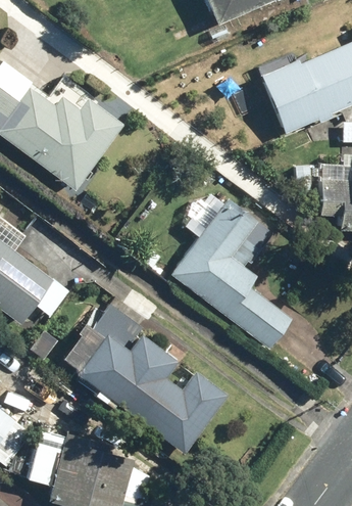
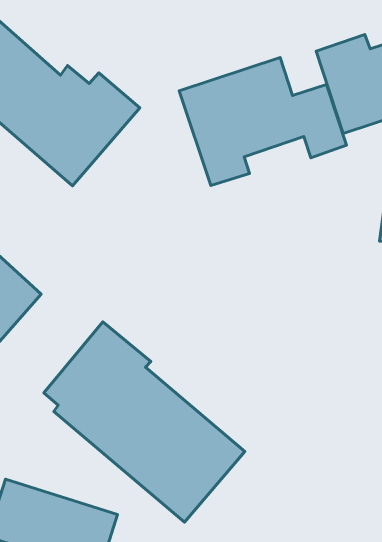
building: none -> [179,57,346,186]
building: [170,198,294,351] -> none

